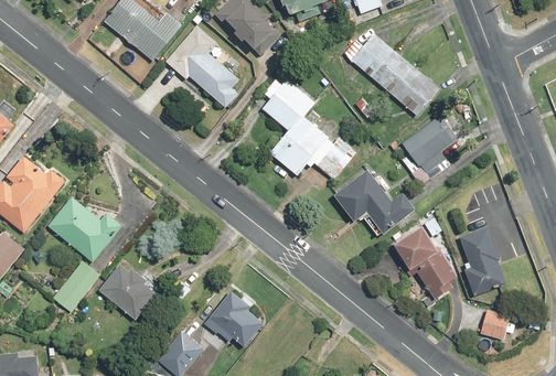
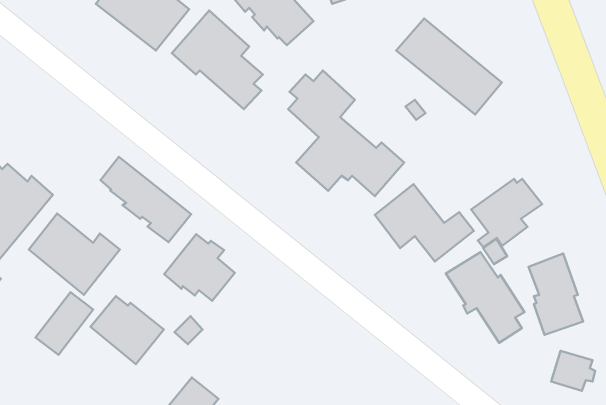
building: [400,117,459,173] -> [471,179,542,247]
building: none -> [101,157,191,242]
building: [204,290,263,345] -> [164,234,235,301]

